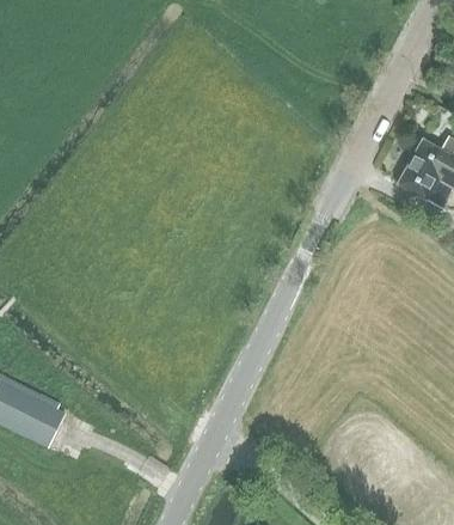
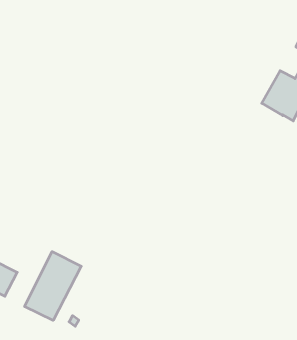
building: none -> [25,252,81,320]

